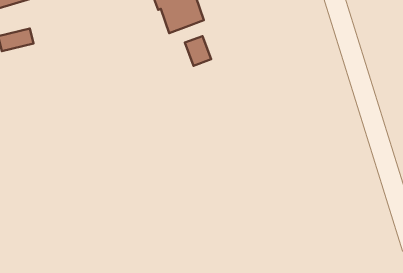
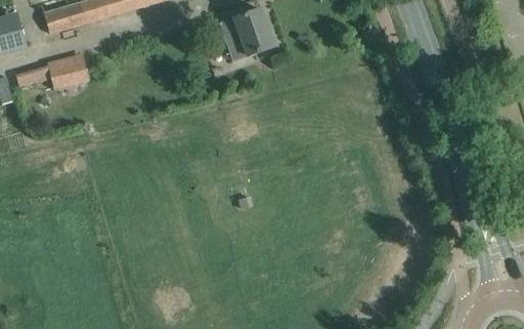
building: [185,36,211,66] -> none

